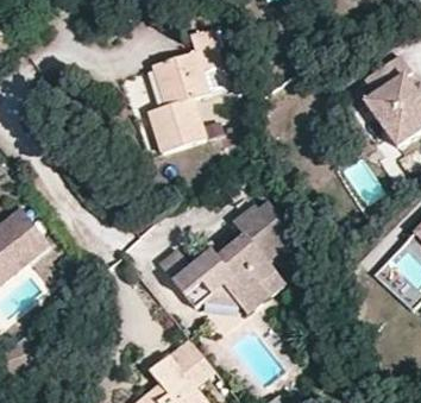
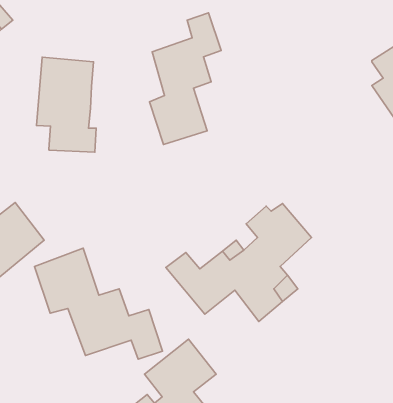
building: none -> [37,57,96,152]
building: none -> [34,248,162,359]

